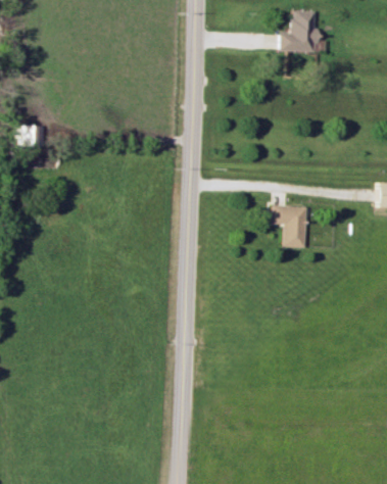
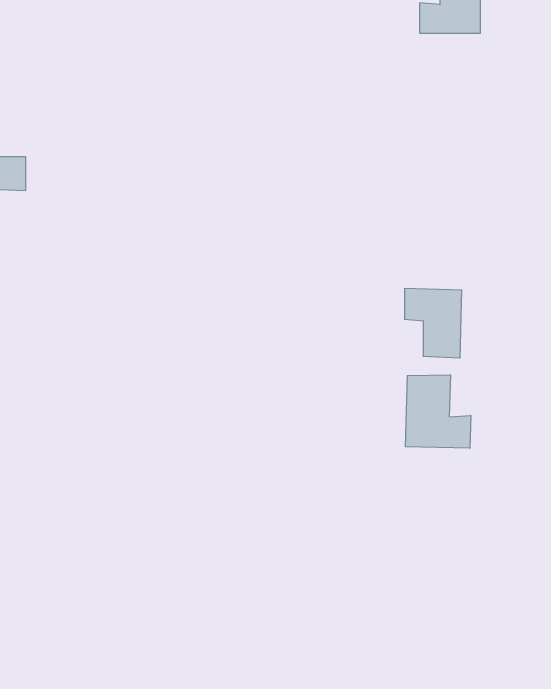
building: none -> [406,375,471,448]

